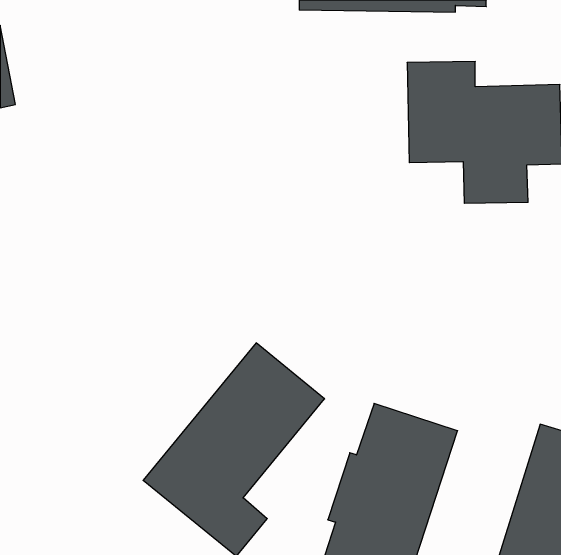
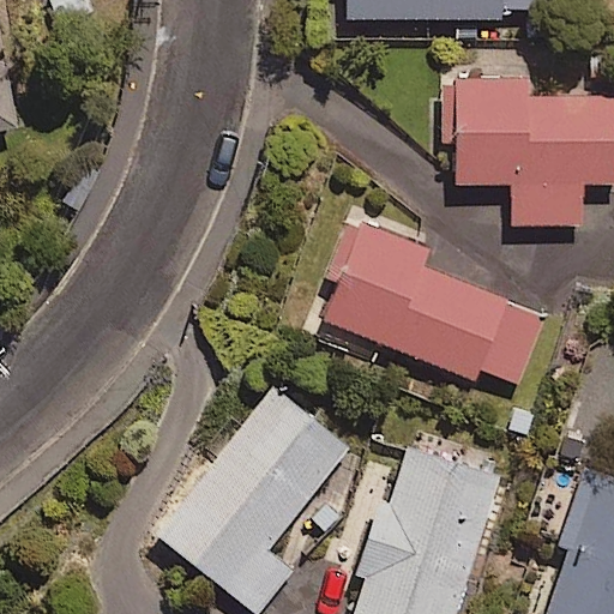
building: none -> [323,219,546,384]

